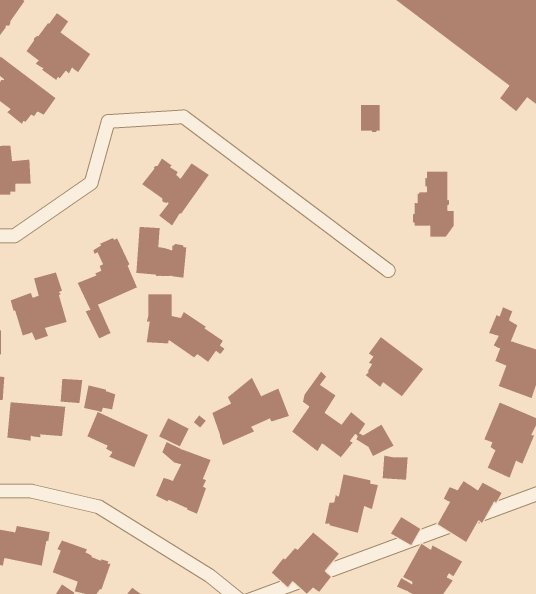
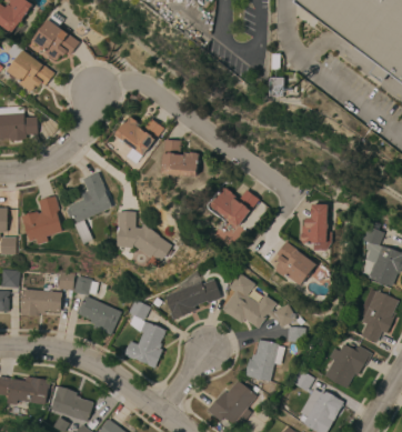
building: [412,171,454,237] -> [300,204,330,251]
building: [136,226,187,278] -> [162,140,199,177]
building: none -> [210,188,258,227]

